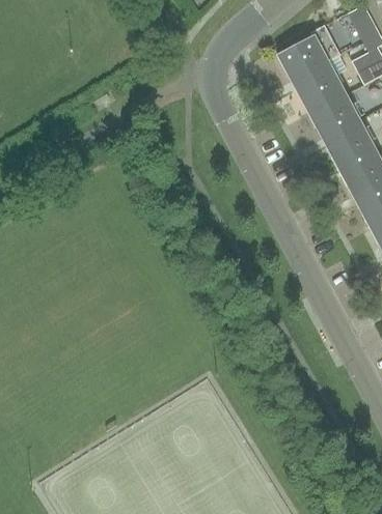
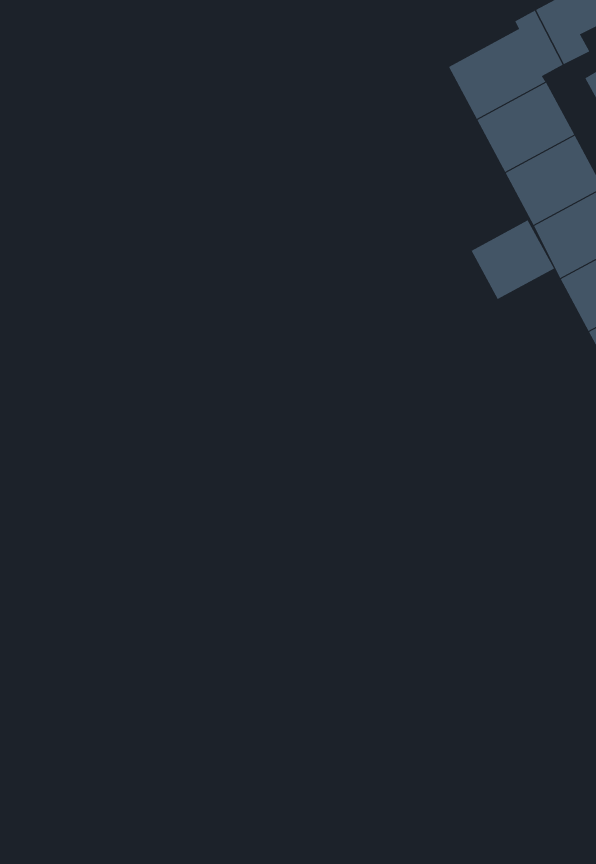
building: none -> [471,220,555,300]

